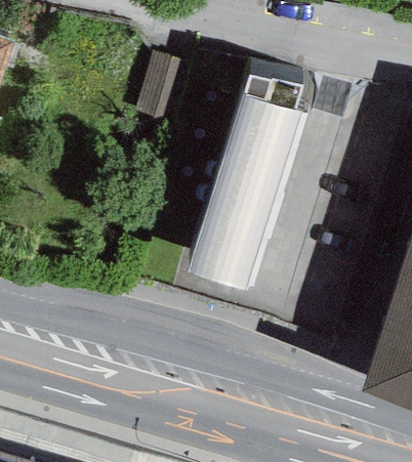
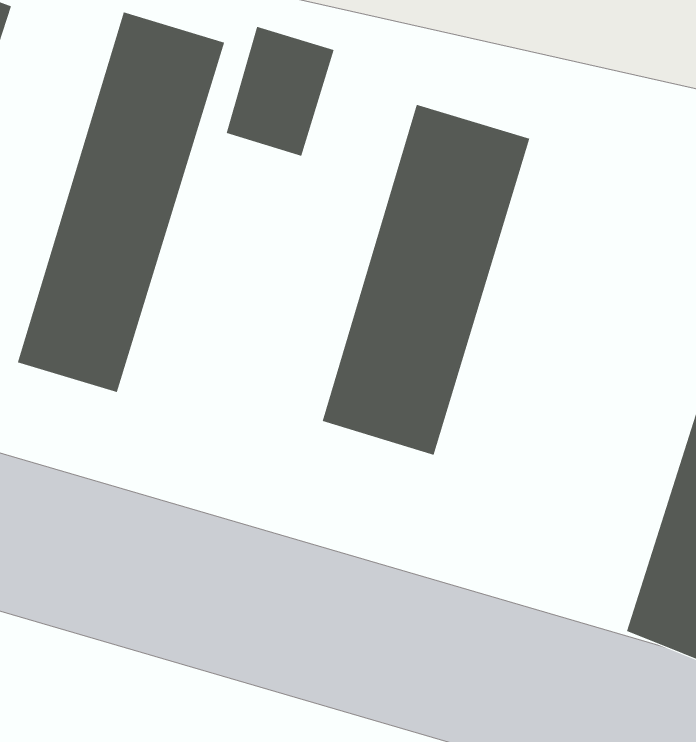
building: none -> [17,11,225,393]

